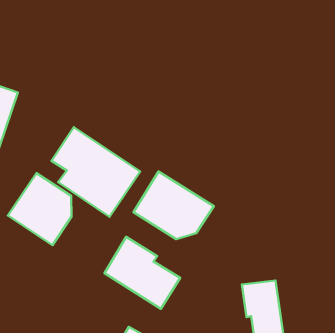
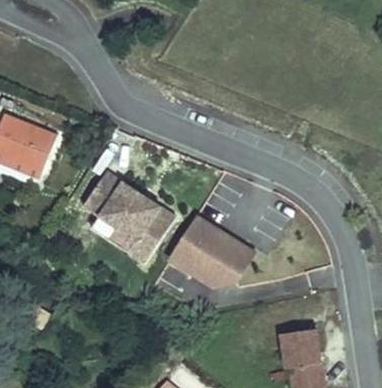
building: [8,173,71,245] -> none
building: [105,237,180,309] -> none

